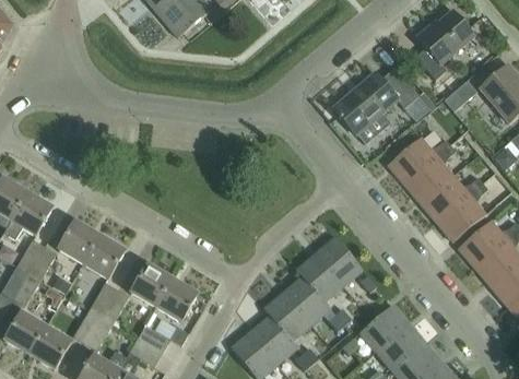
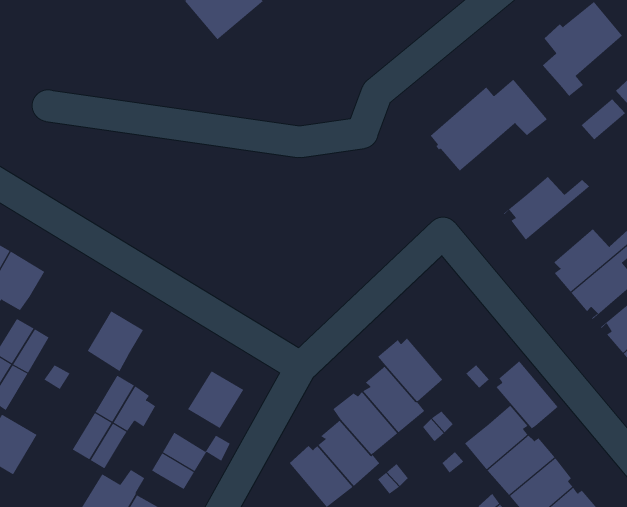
building: [403,144,456,202] -> none
building: [57,220,101,264] -> none
building: [317,235,363,285] -> [496,360,558,429]
building: [130,262,174,307] -> none
building: [30,325,71,369] -> none

